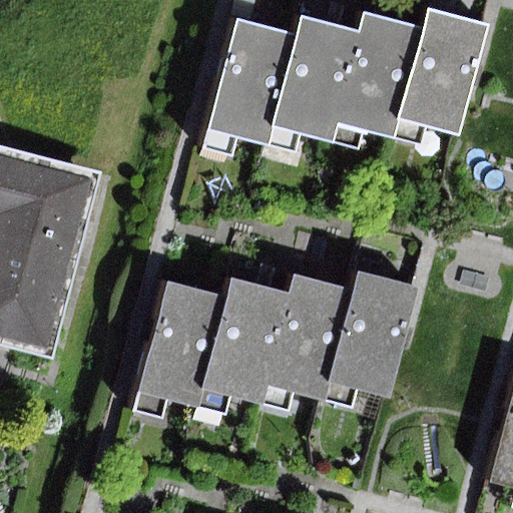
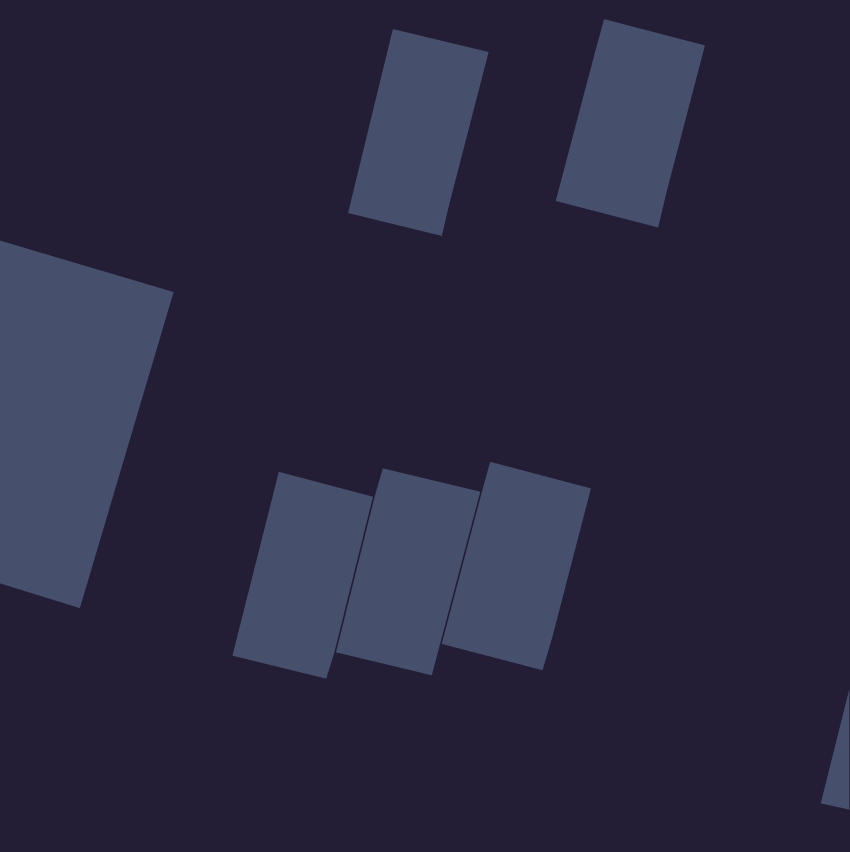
building: [399,8,487,131] -> none
building: [269,14,356,139] -> none
building: [331,273,419,396] -> none

